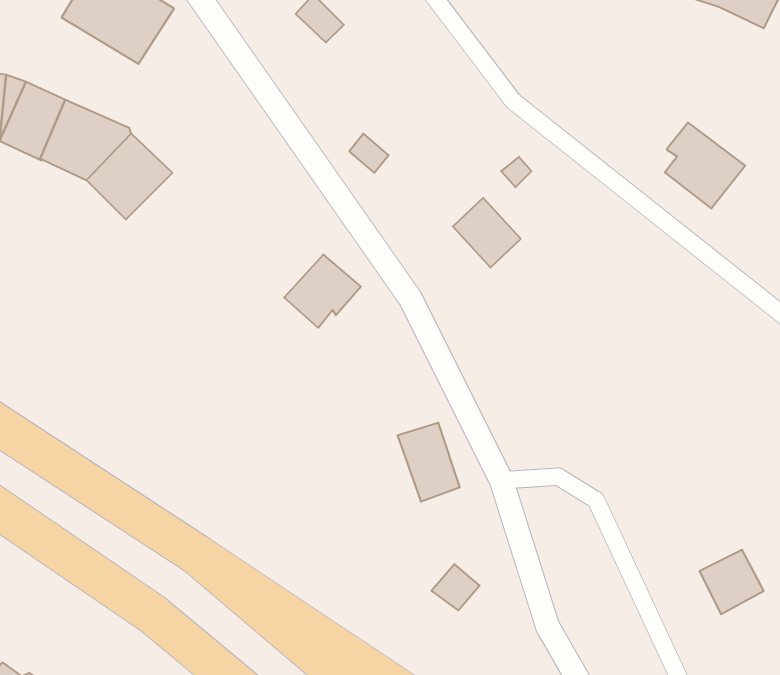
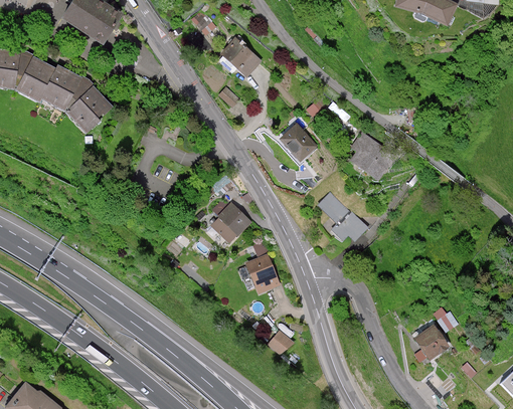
building: none -> [223,38,263,76]
building: [665,123,745,208] -> [347,132,392,180]
building: [284,254,361,328] -> [210,204,253,245]
building: none -> [314,193,365,244]

